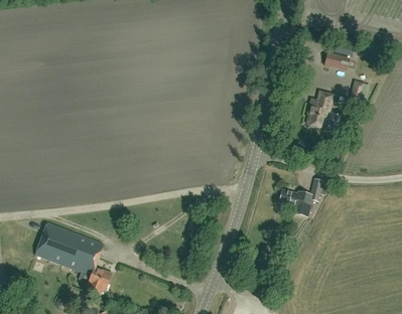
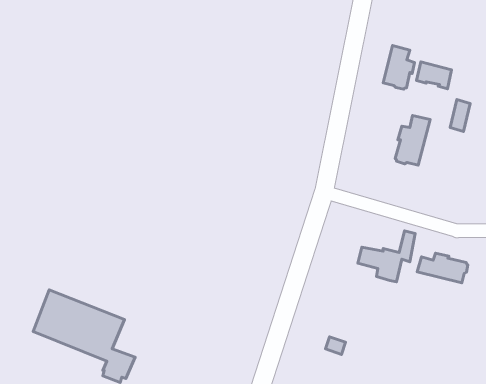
building: none -> [383,45,415,89]
building: none -> [417,253,468,283]

